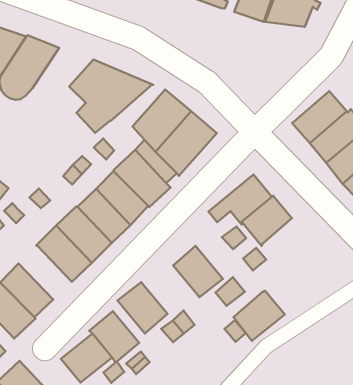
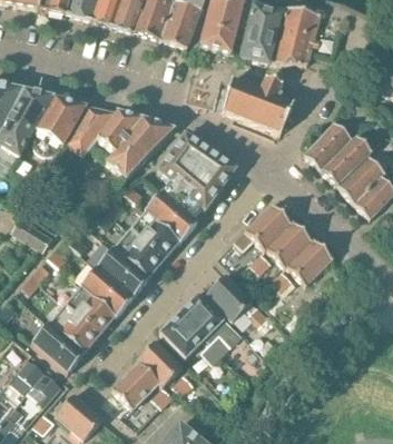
building: none -> [223,77,293,135]
building: none -> [62,105,116,156]
building: none -> [65,287,115,335]
building: none -> [178,293,224,338]
building: [233,291,285,341] -> [286,239,333,286]

